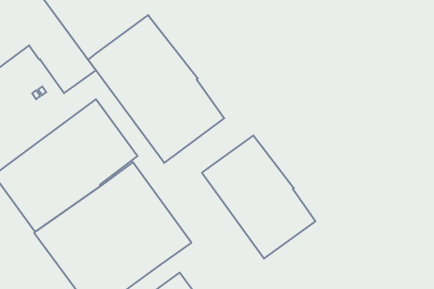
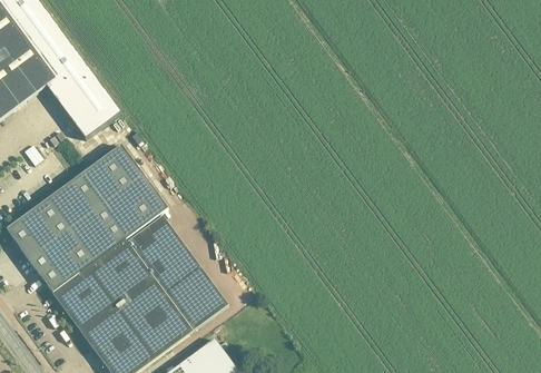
building: [88,15,224,163] -> none
building: [202,135,315,259] -> none

